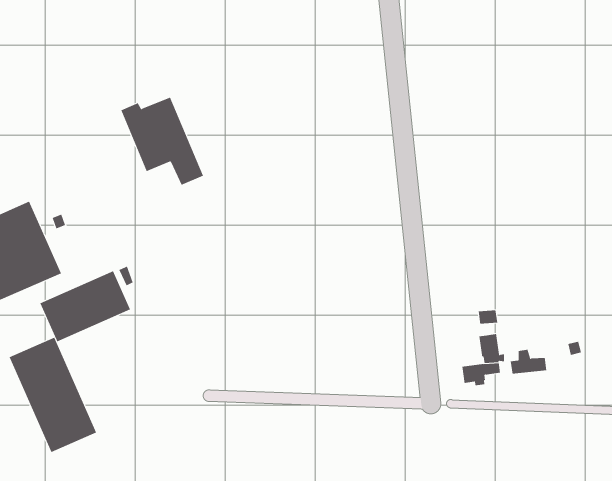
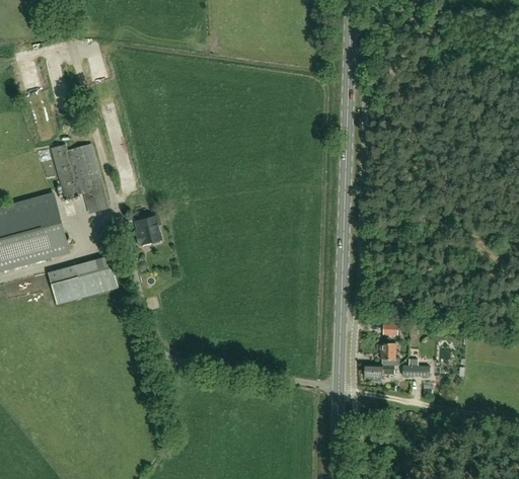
building: [120,97,204,186] -> [51,143,107,212]
building: none -> [134,215,160,244]
building: [9,337,97,453] -> none

